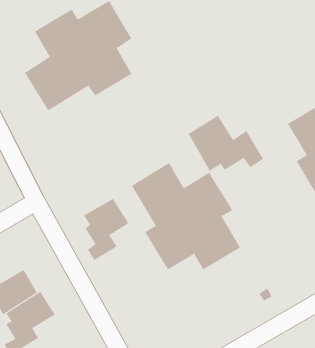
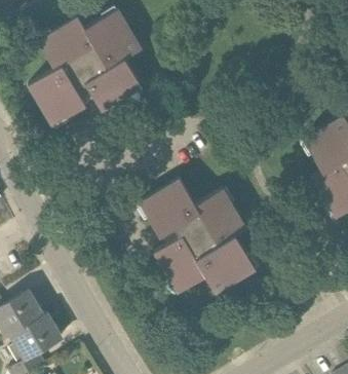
building: [188,115,264,172] -> none
building: [83,198,129,261] -> none

